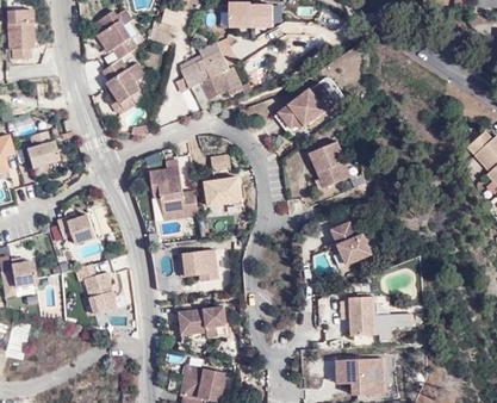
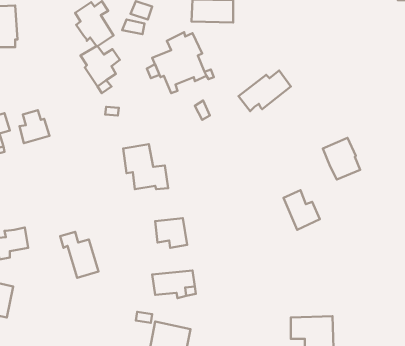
building: [307,138,349,185] -> [323,138,360,179]
building: [205,155,242,206] -> none
building: [62,213,101,244] -> none
building: [340,297,375,337] -> none

